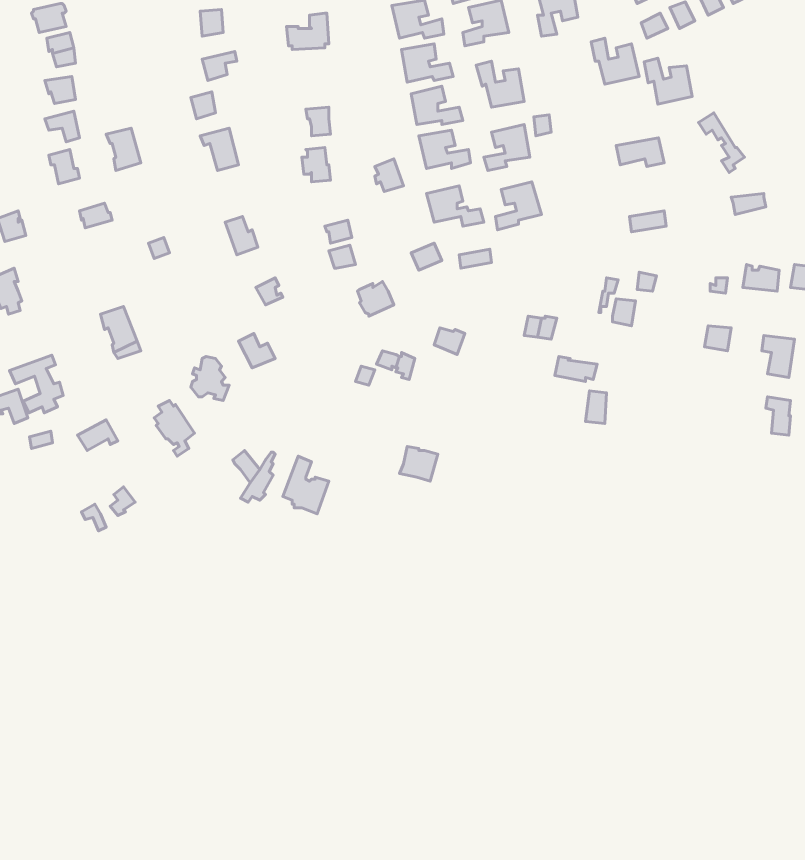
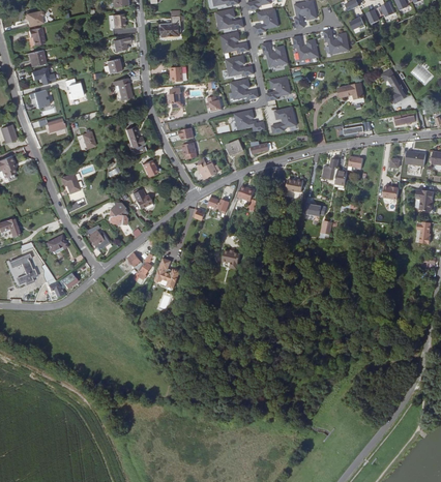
building: [644,58,692,104] -> [292,35,318,60]
building: [10,355,63,413] -> [8,252,37,283]

